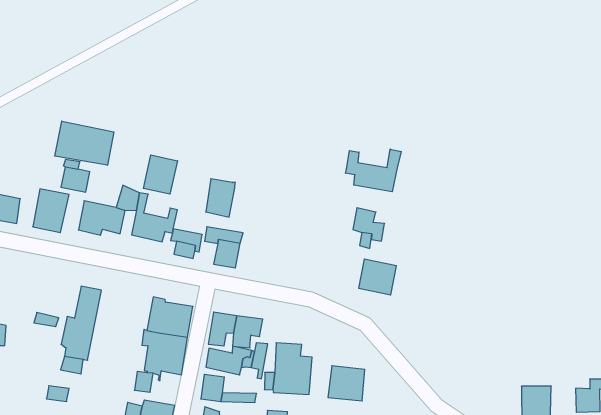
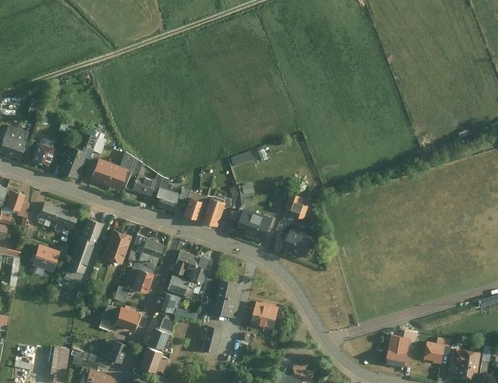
building: [55,121,114,165] -> none
building: [346,149,401,192] -> none
building: [143,155,177,194] -> none
building: [206,179,235,217] -> [202,198,226,227]
building: none -> [234,207,272,242]
building: none -> [36,203,77,232]
building: none -> [101,229,131,264]
building: none -> [31,243,59,271]

